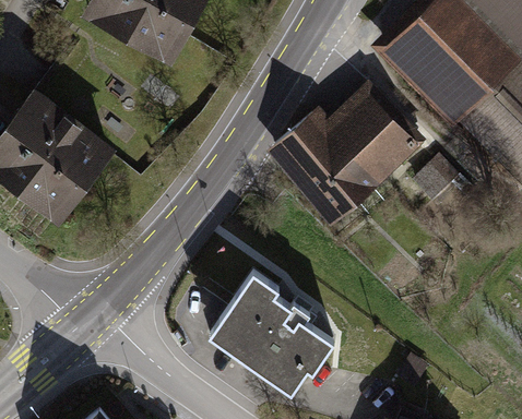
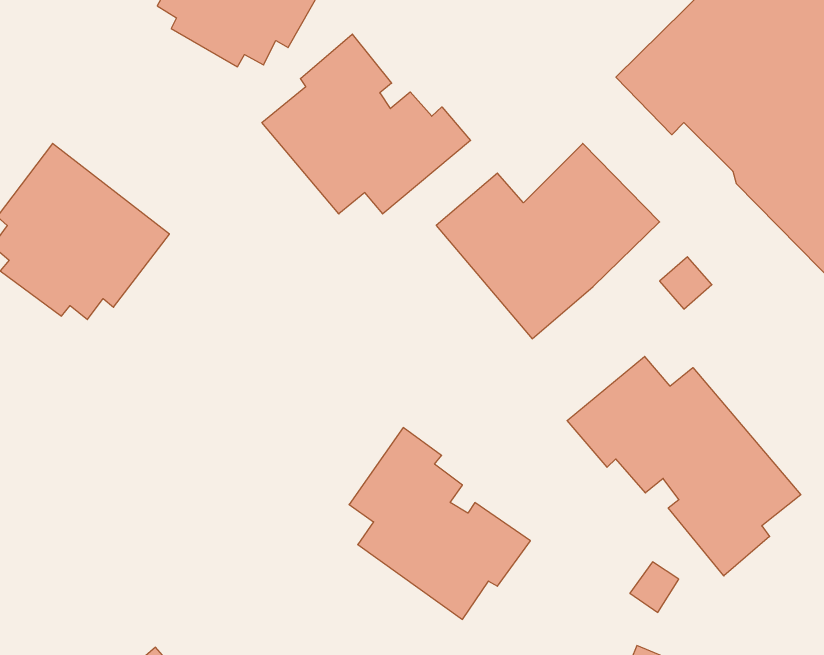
building: none -> [262,34,471,214]
building: none -> [567,356,801,576]

